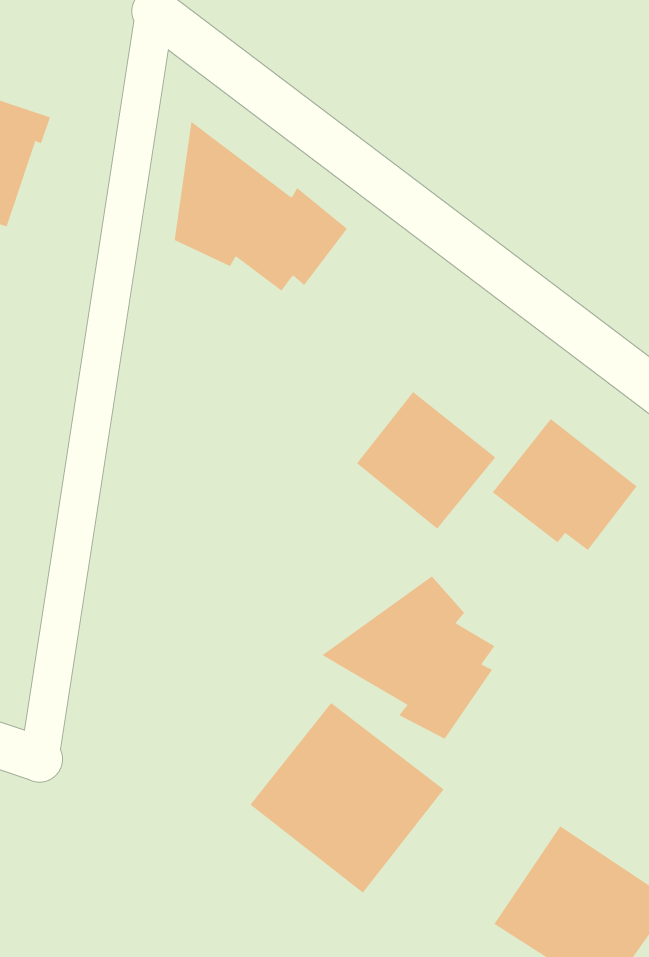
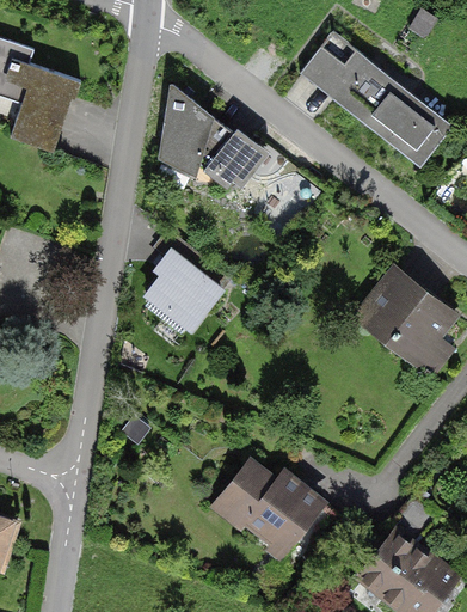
building: none -> [299,30,453,166]
building: [356,391,496,529] -> [141,257,229,344]
building: [321,576,495,739] -> none

